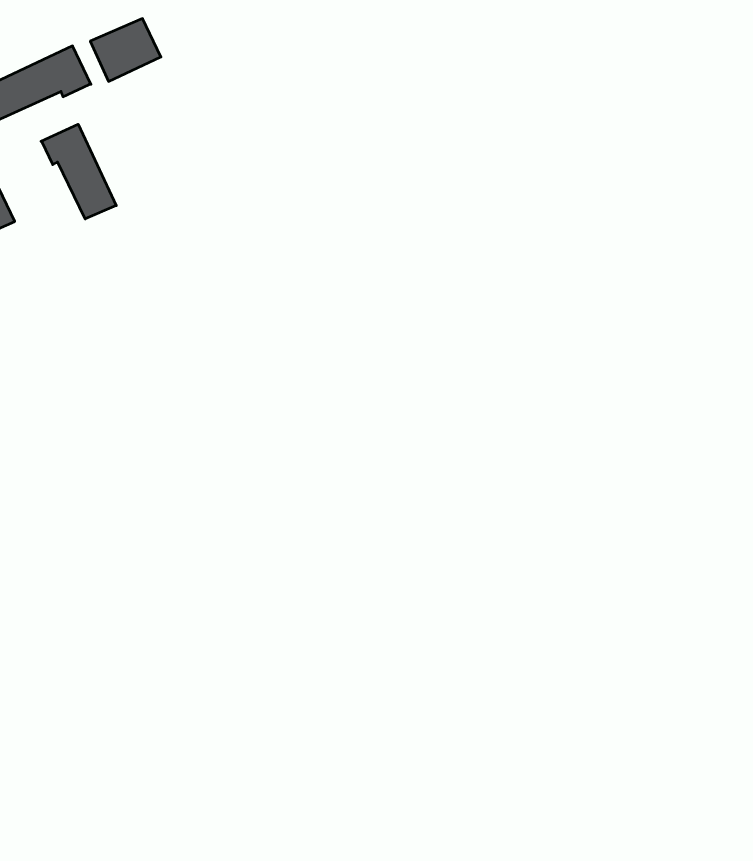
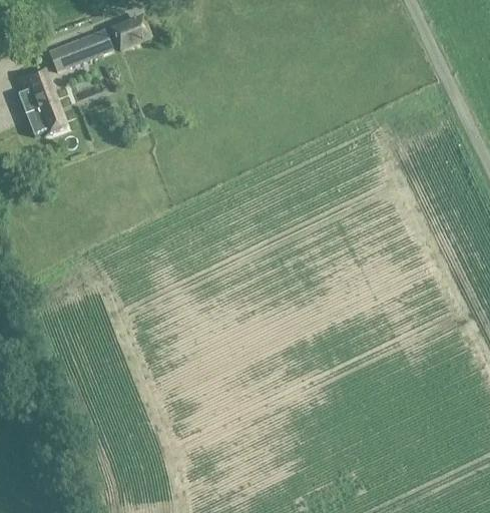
building: [41,124,116,219] -> none

